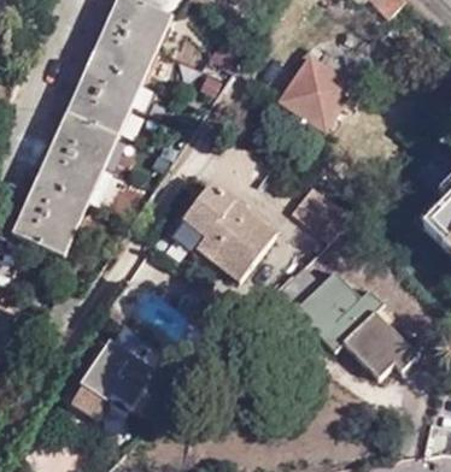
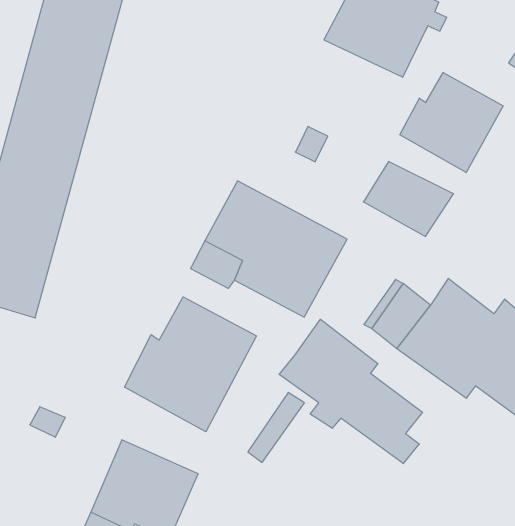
building: none -> [400,73,503,173]
building: none -> [125,297,256,432]
building: none -> [279,319,423,464]

